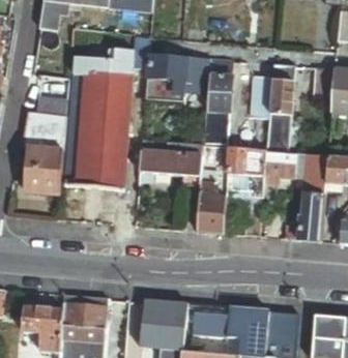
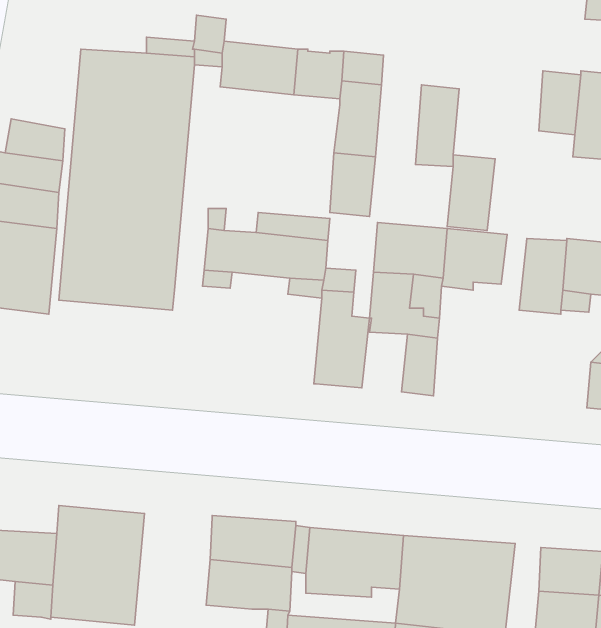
building: [269,63,295,114] -> none
building: [146,77,210,101] -> none
building: [296,192,325,242] -> none

